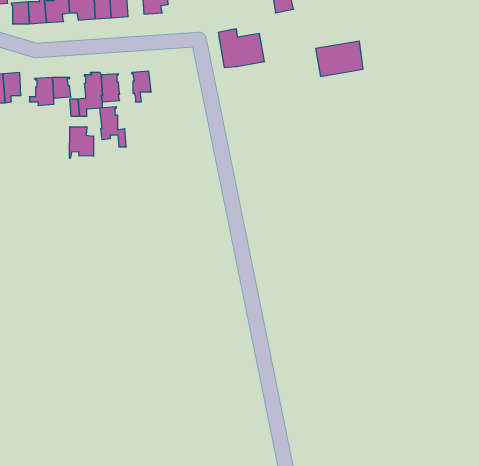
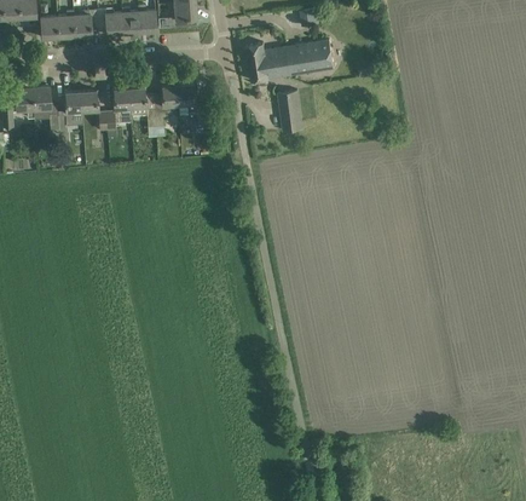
building: [316,41,363,76] -> [288,40,335,75]
building: none -> [279,91,304,132]
building: [99,107,126,147] -> [178,84,204,123]
building: [69,127,94,158] -> none

